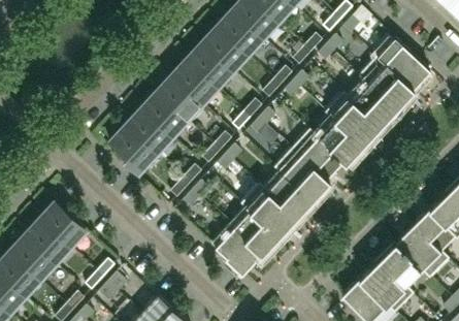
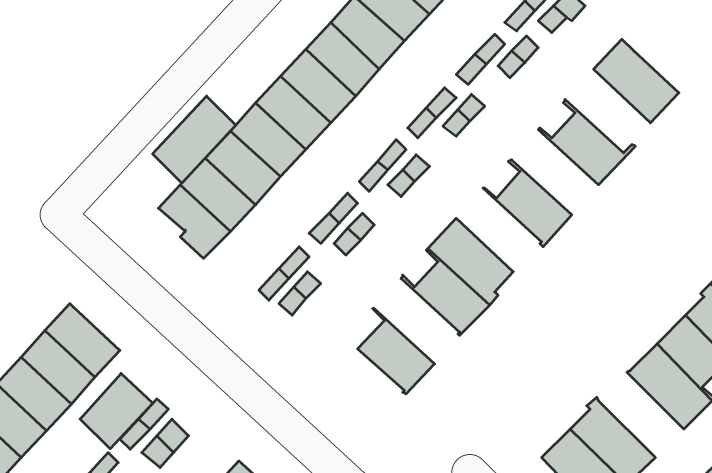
building: [359,56,412,107] -> none
building: none -> [153,96,236,183]
building: [326,93,380,146] -> none
building: [292,129,345,181] -> none
building: [241,185,294,237] -> none
building: [214,228,260,275] -> none
building: [379,239,432,295] -> none
building: none -> [80,373,153,449]

